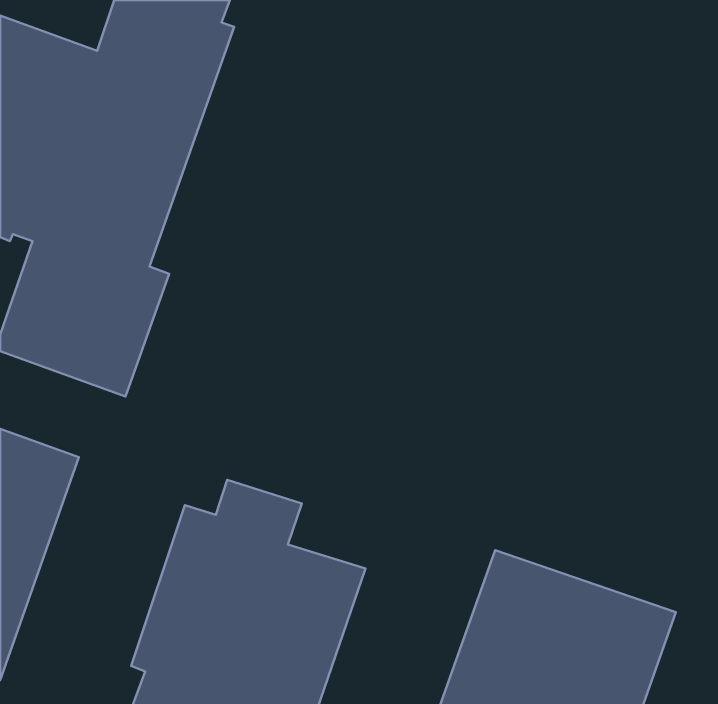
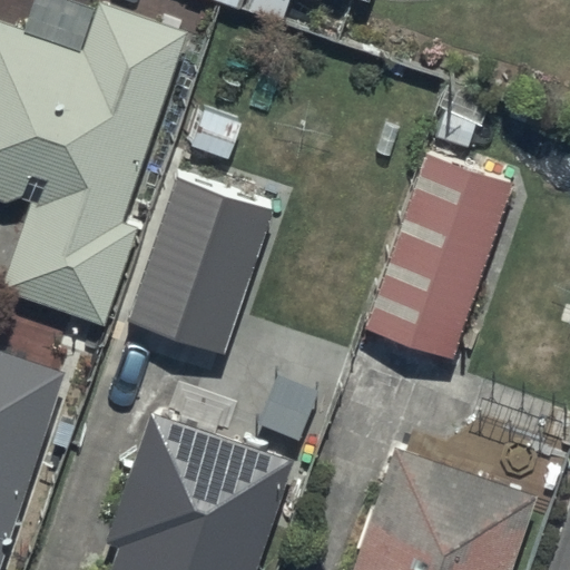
building: none -> [360,151,510,361]
building: none -> [127,187,273,355]

